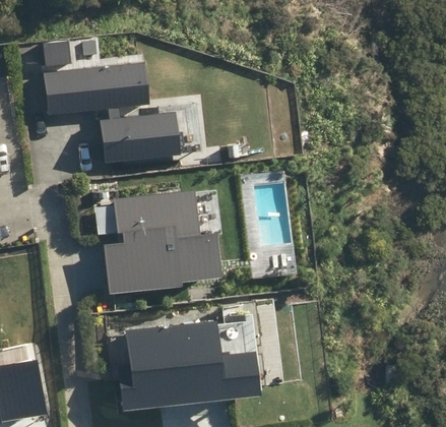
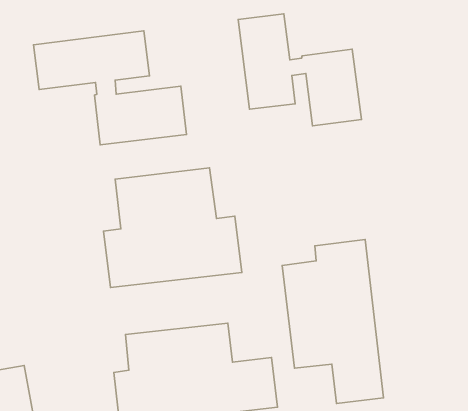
building: none -> [238,14,361,126]
building: none -> [282,240,383,403]

